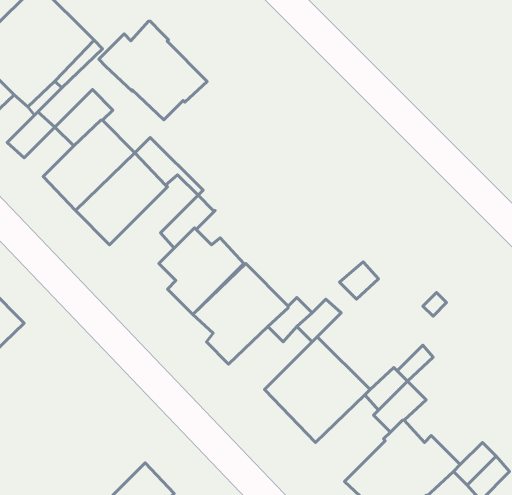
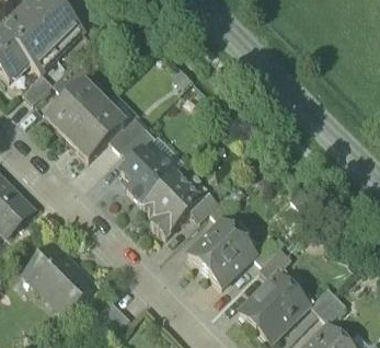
building: [99,21,207,120] -> none
building: none -> [107,116,145,153]
building: none -> [143,137,184,173]
building: none -> [22,243,95,316]

